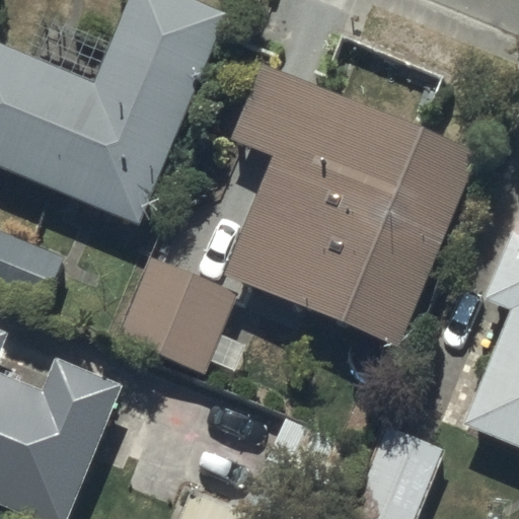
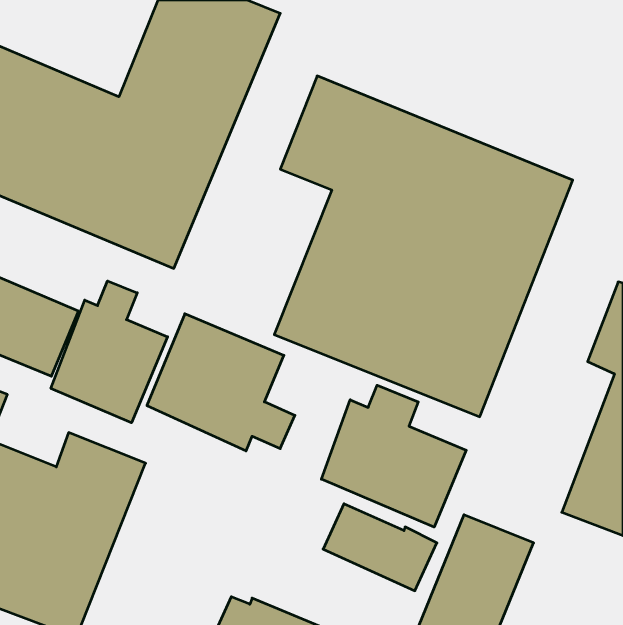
building: none -> [51,281,168,423]
building: none -> [321,385,466,527]

